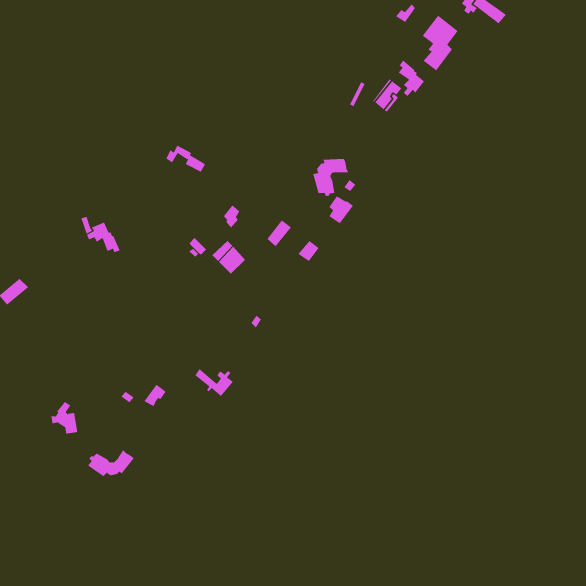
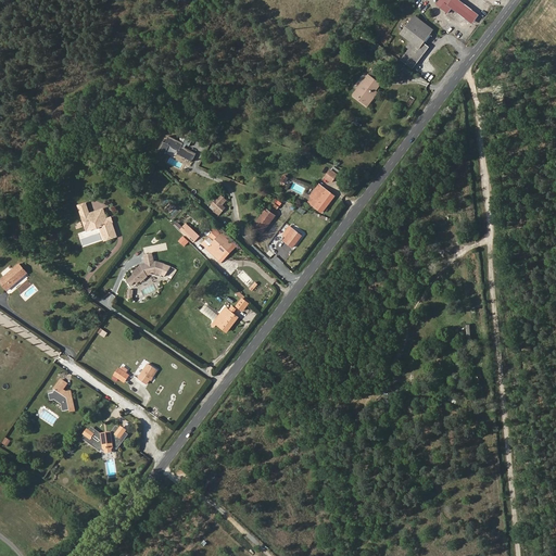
building: [398,60,425,97] -> none
building: [313,158,349,197] -> none
building: none -> [125,253,162,285]
building: [195,368,234,397] -> [200,304,237,331]

